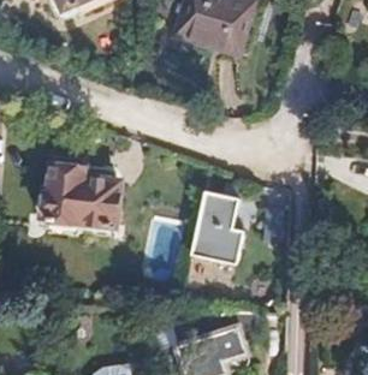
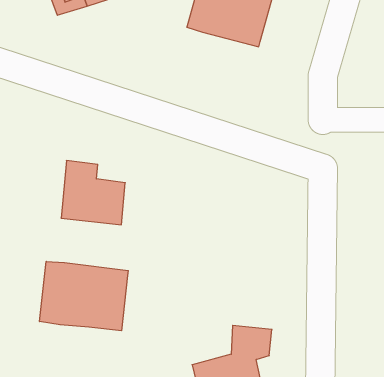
building: [190,188,242,262] -> none
building: none -> [40,261,128,331]

